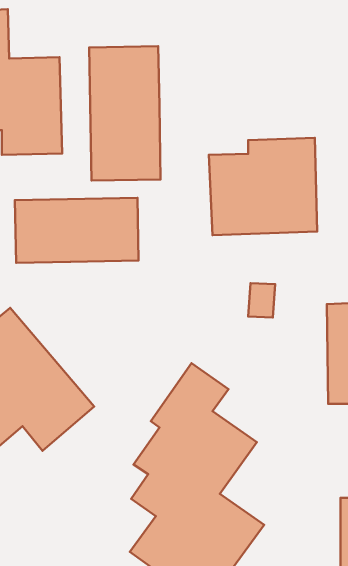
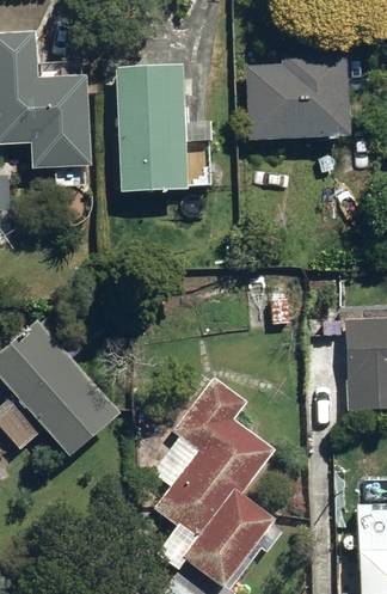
building: [209,138,317,235] -> [242,47,348,141]
building: [15,198,139,263] -> none

